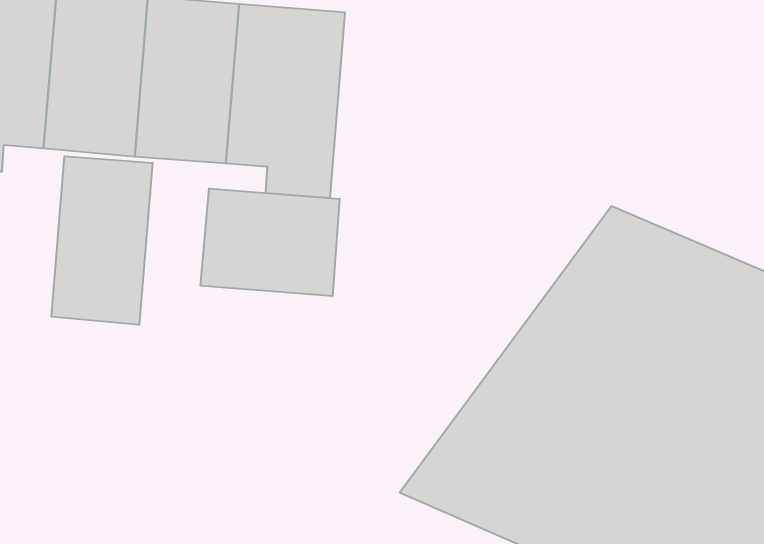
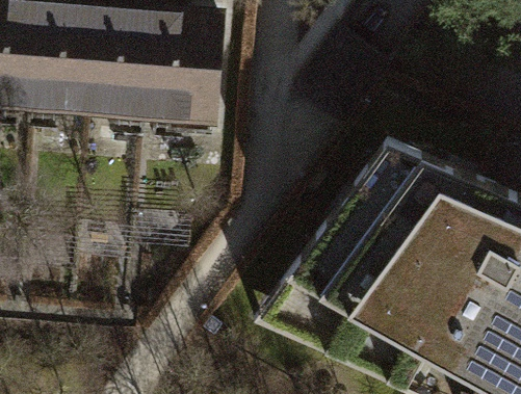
building: [51,156,153,325] -> none
building: [201,188,340,296] -> none

